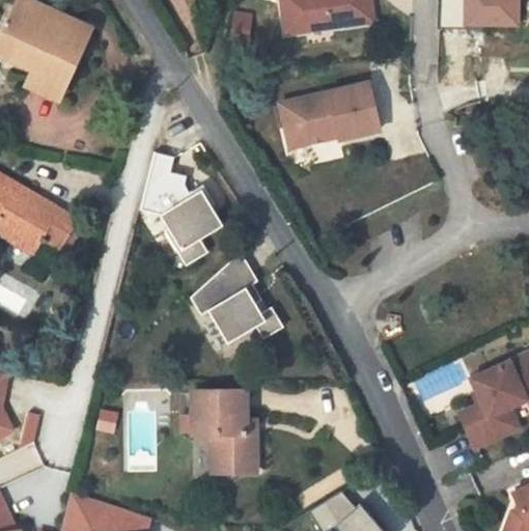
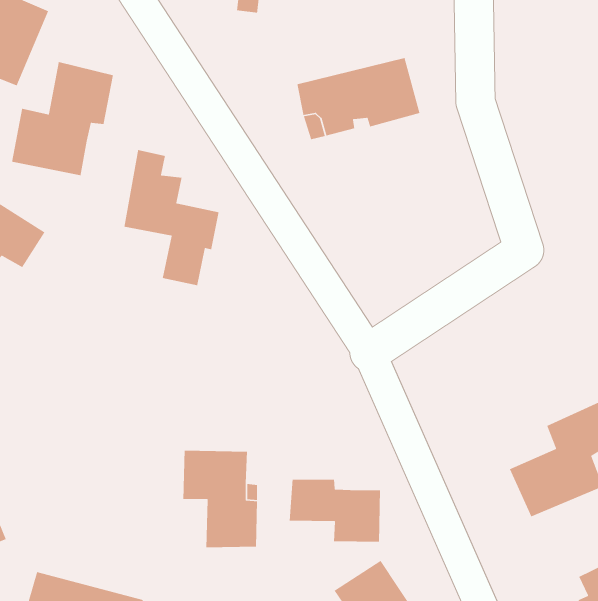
building: none -> [11,61,114,176]
building: [187,260,281,356] -> none
building: none -> [289,479,381,543]

